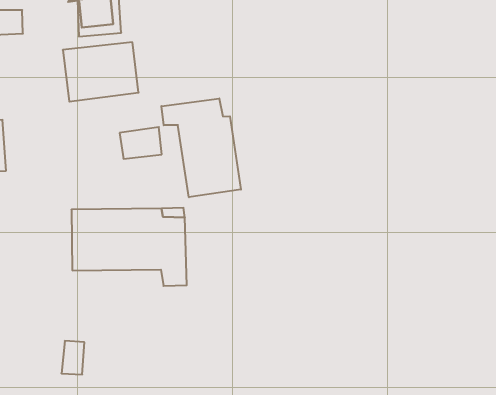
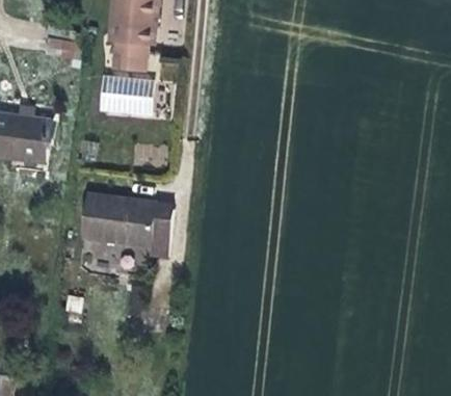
building: [161,98,241,197] -> none

